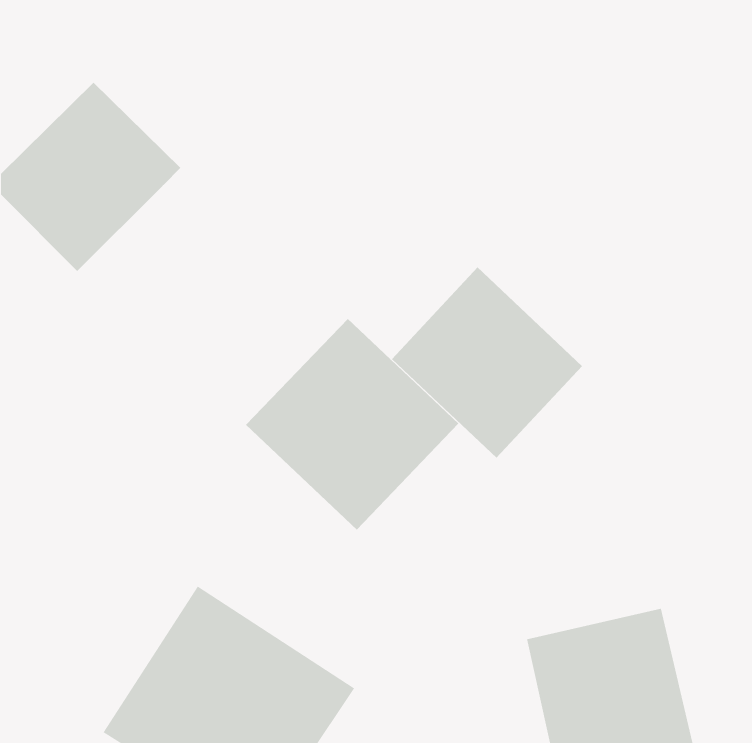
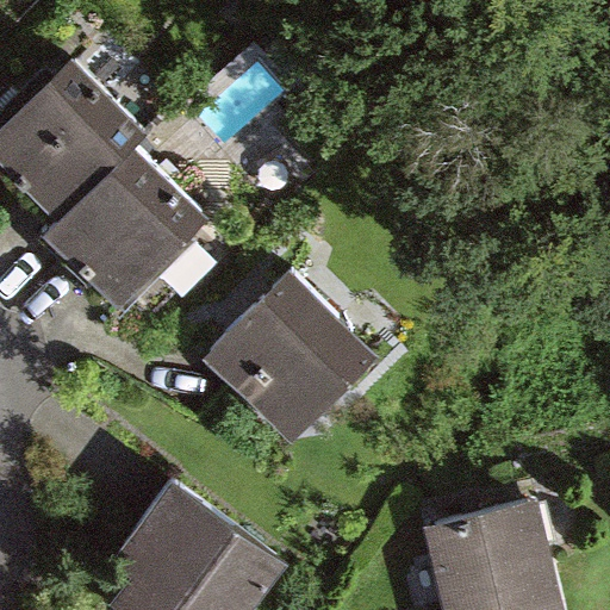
building: none -> [55,162,205,312]
building: [391,267,583,459] -> none

